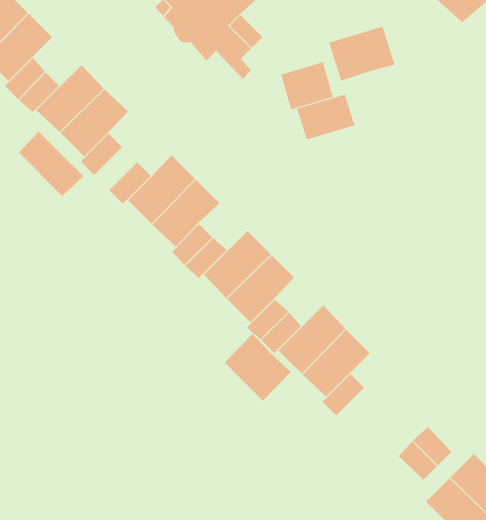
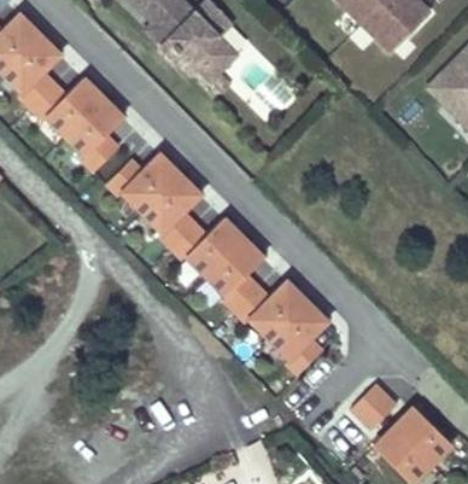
building: [329,26,395,81] -> none
building: [297,94,355,140] -> none
building: [18,131,84,197] -> none
building: [224,333,292,402] -> none

